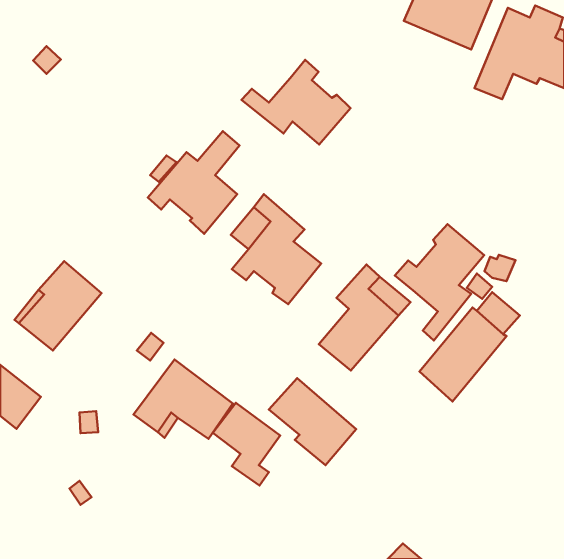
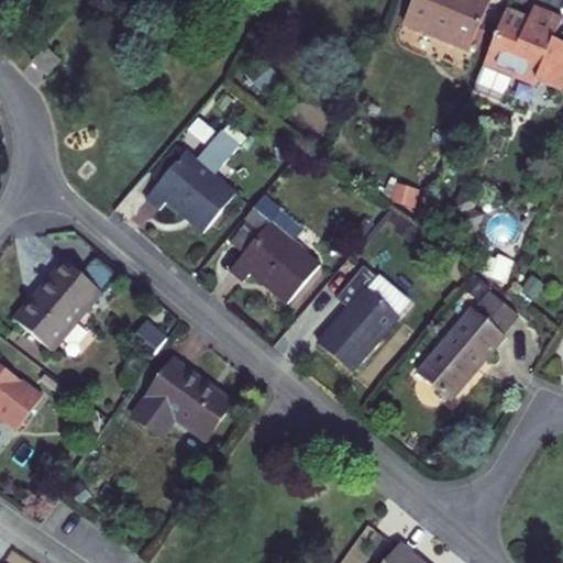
building: [242,60,350,145] -> none
building: [395,224,484,341] -> none
building: [269,378,356,465] -> none
building: [213,403,280,486] -> none

